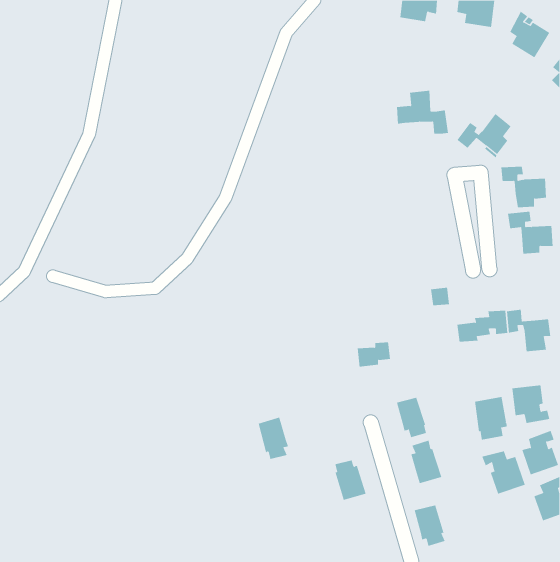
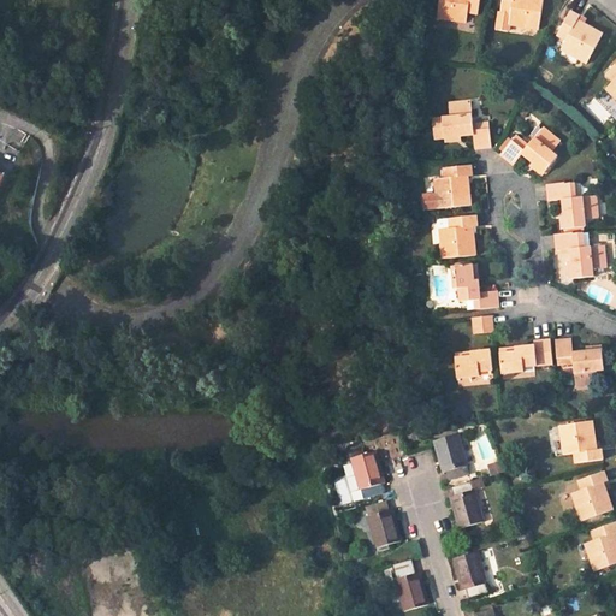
building: none -> [424,164,472,205]
building: none -> [440,214,474,256]
building: none -> [451,265,498,308]
building: [357,342,391,367] -> [455,351,492,379]
building: [475,396,507,440] -> none
building: [258,417,289,460] -> [350,451,384,498]
building: [481,450,526,494] -> none
building: none -> [391,559,427,610]

